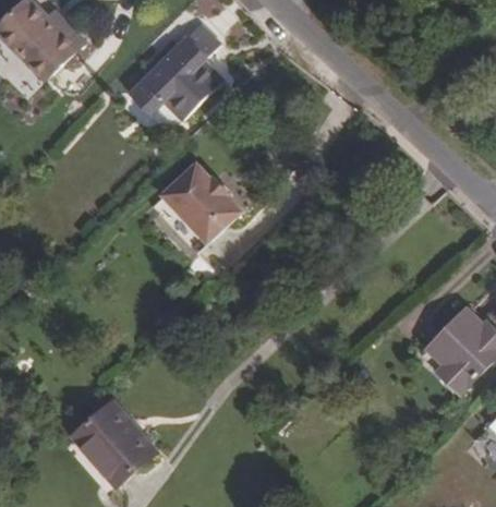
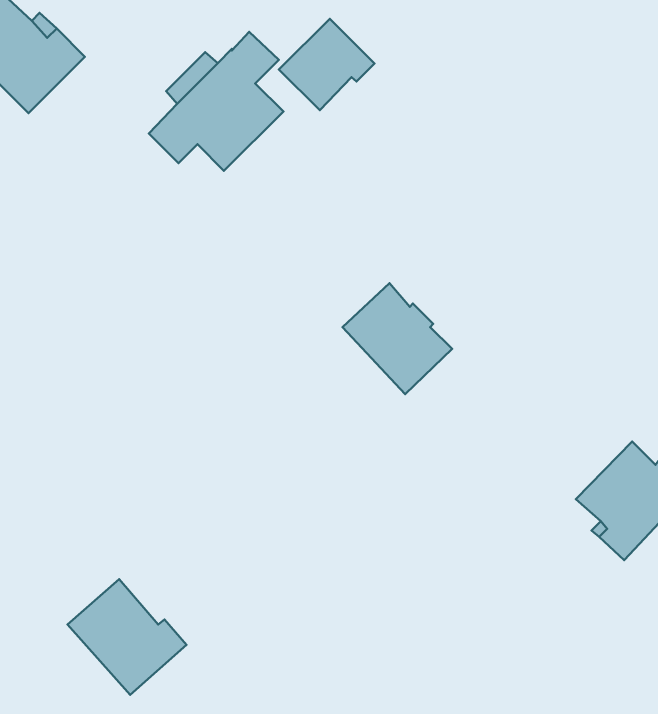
building: none -> [279,19,374,110]
building: [164,165,240,242] -> [343,283,452,394]

